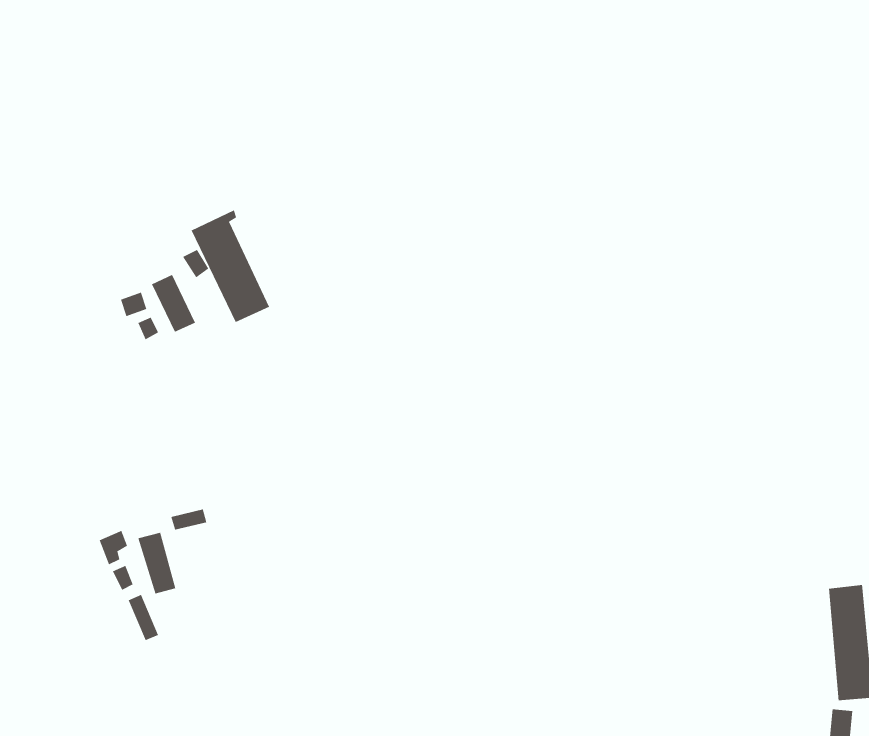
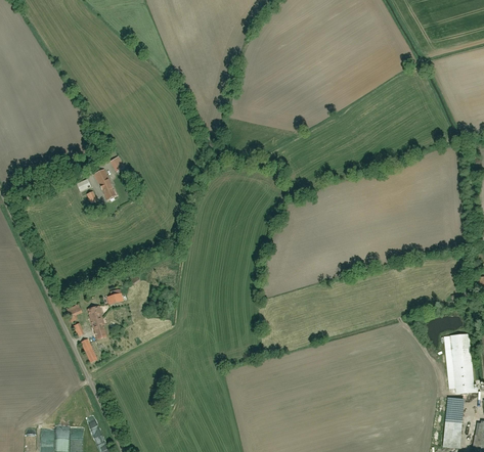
building: [191,209,270,323] -> none

